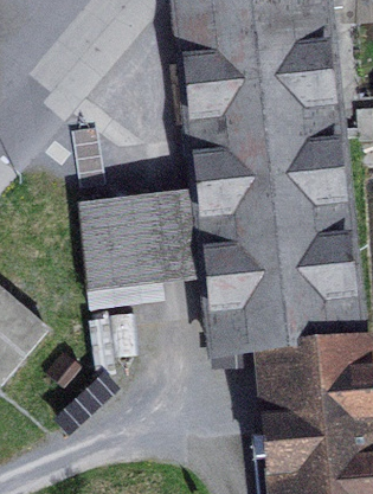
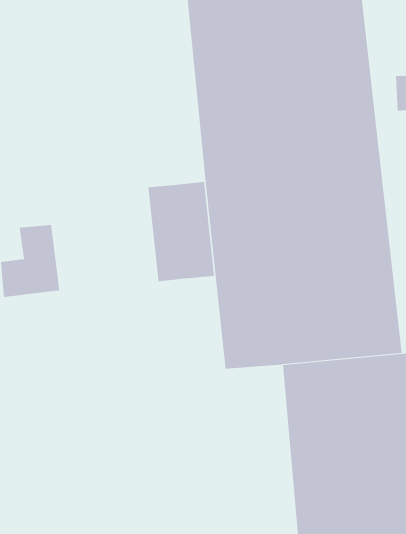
building: [81,200,159,286] -> none

